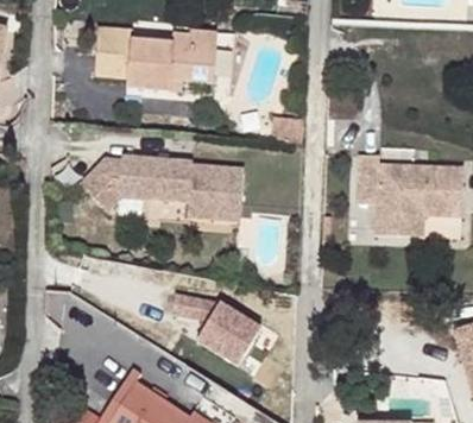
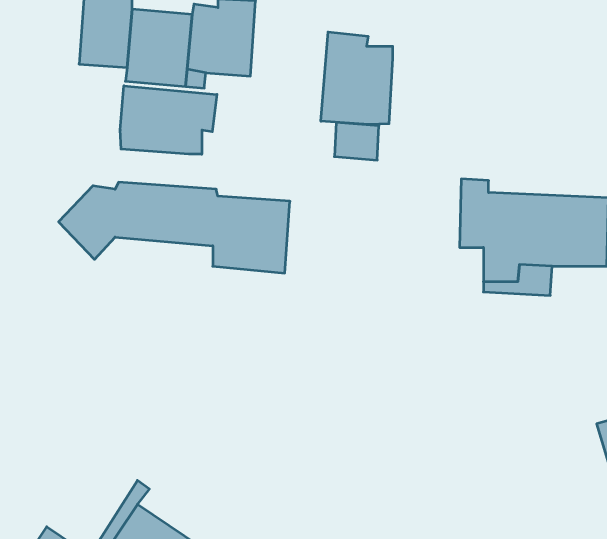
building: none -> [321,32,393,125]
building: none -> [120,86,217,154]
building: [169,293,261,362] -> none

